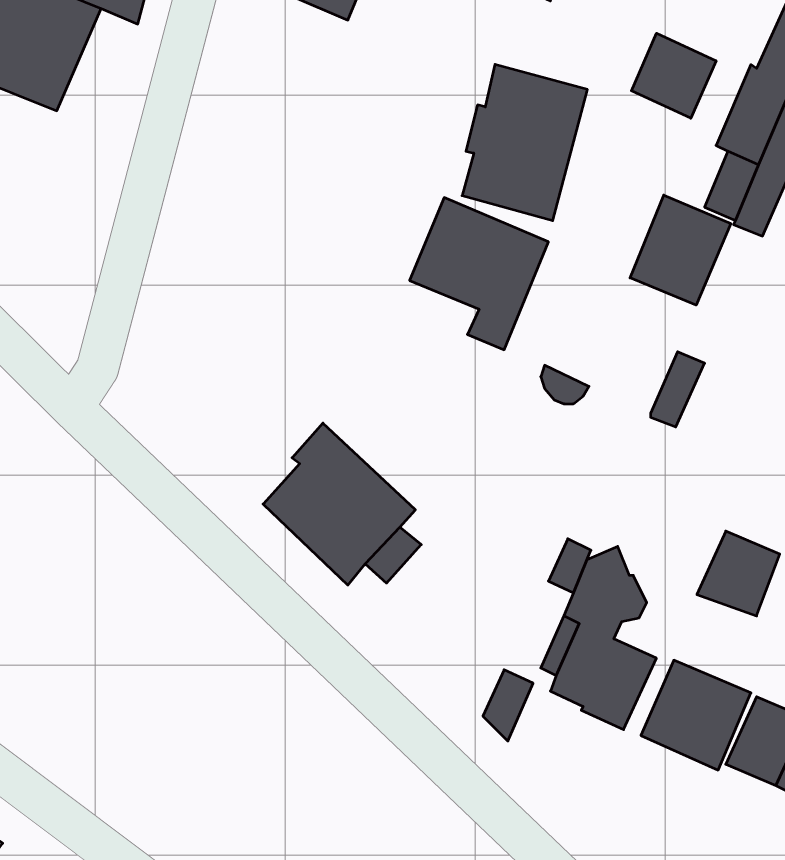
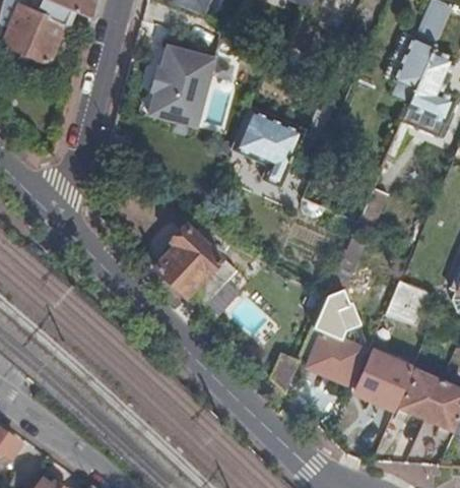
building: [631,33,716,118] -> none
building: [462,64,587,221] -> [149,46,215,128]
building: [630,195,731,305] -> none

